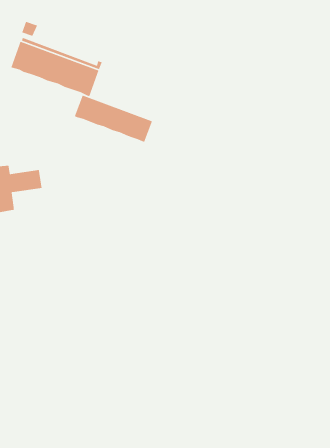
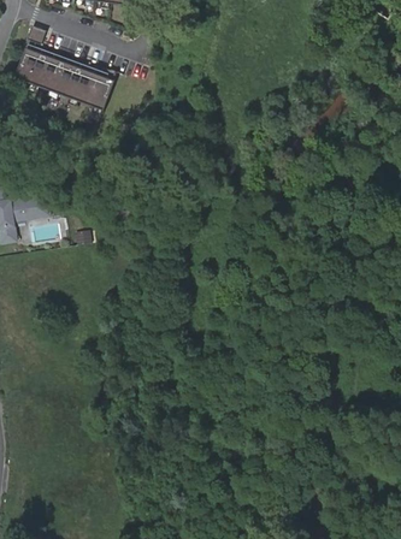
building: [74,95,153,143] -> none

